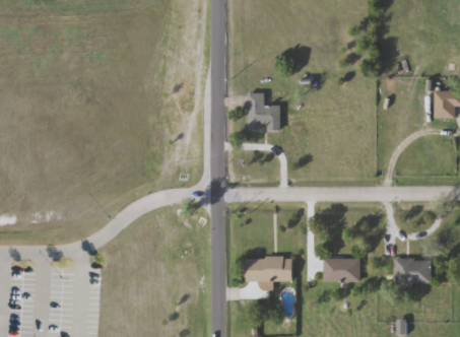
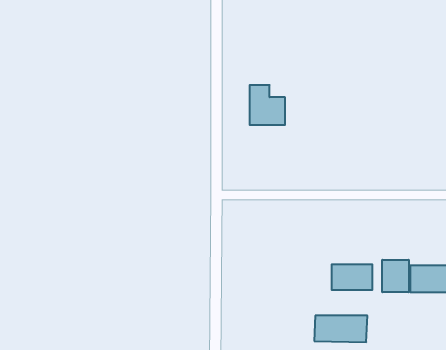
building: none -> [382,260,409,292]
building: [245,257,293,281] -> [314,316,367,342]

